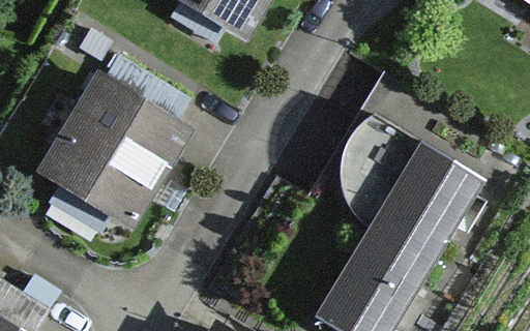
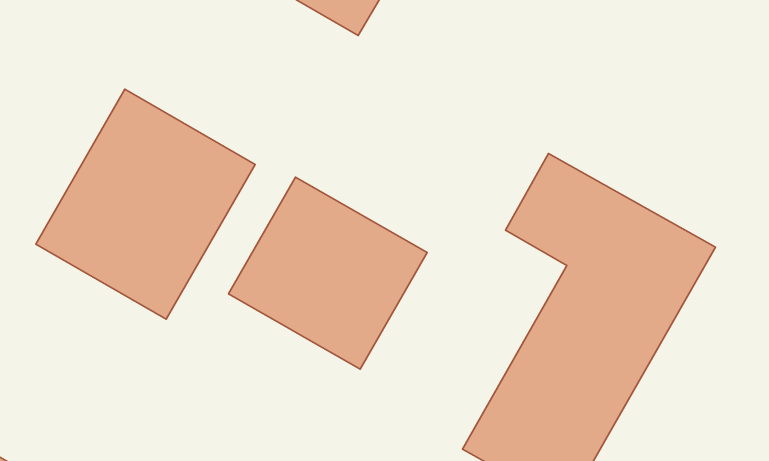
building: none -> [229,177,427,369]

